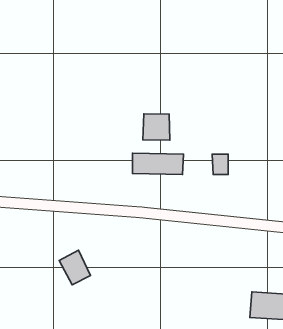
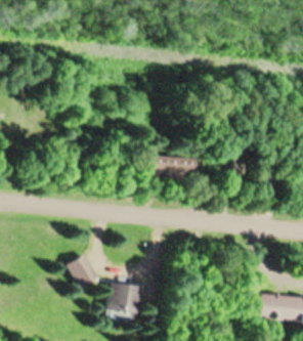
building: [143,114,170,140] -> none
building: none -> [107,283,145,319]

